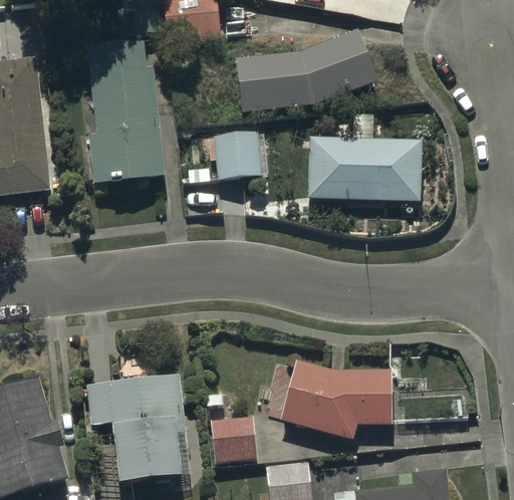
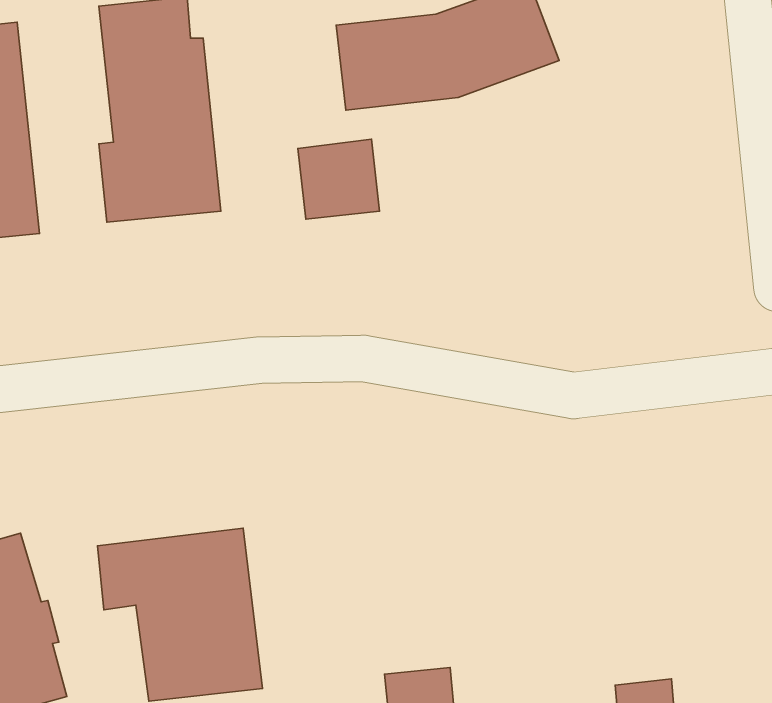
building: [306,135,421,201] -> none
building: [279,358,392,438] -> none
building: [210,415,256,463] -> none

